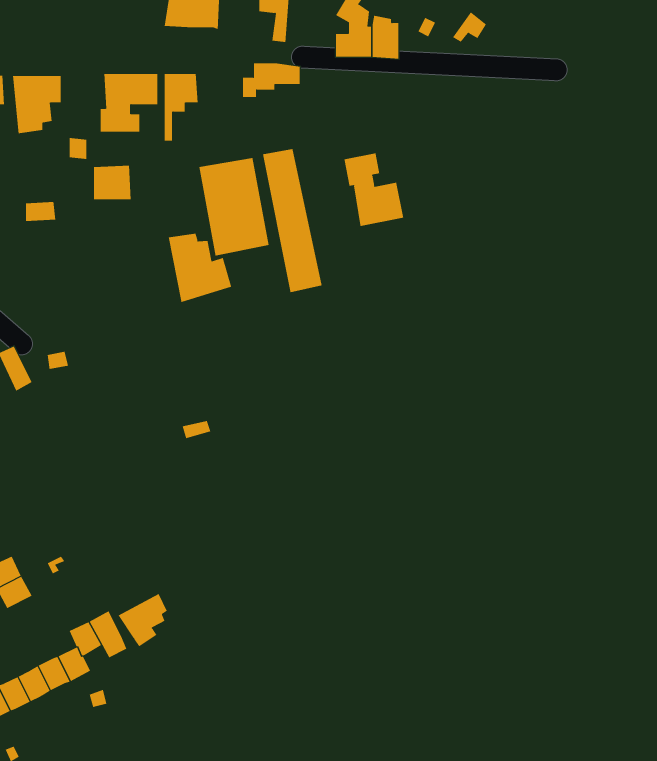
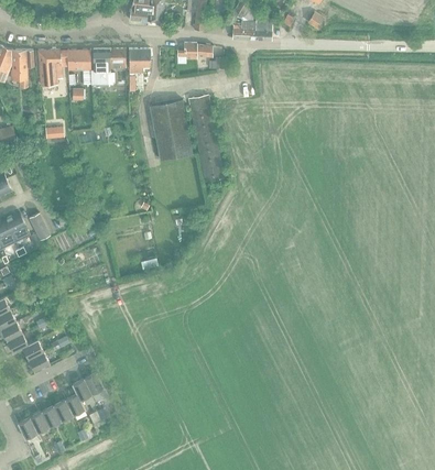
building: [344,152,404,227] -> none
building: [93,165,132,200] -> [66,48,89,69]
building: [168,233,232,303] -> none
building: [118,593,167,647] -> none

